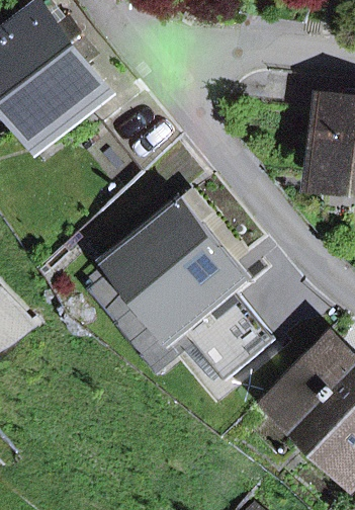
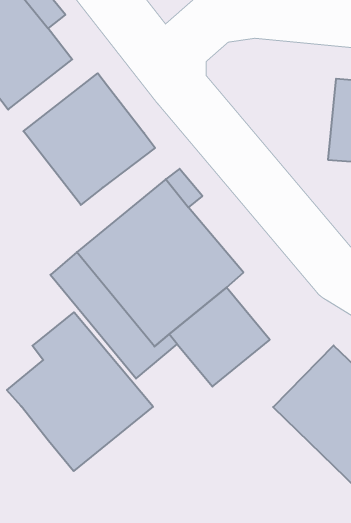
building: none -> [23,73,155,205]
building: none -> [7,312,153,471]

